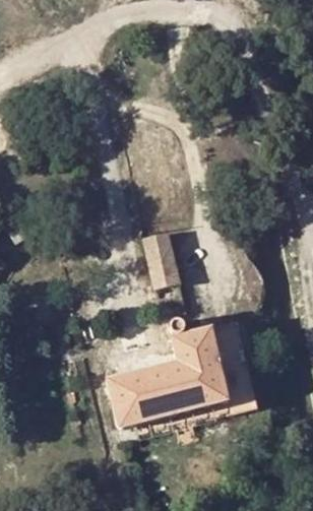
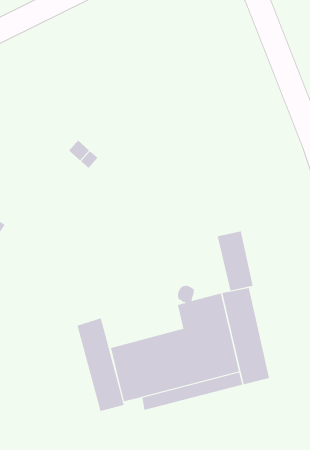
building: [142,229,177,285] -> [217,231,254,291]
building: none -> [77,318,124,412]

